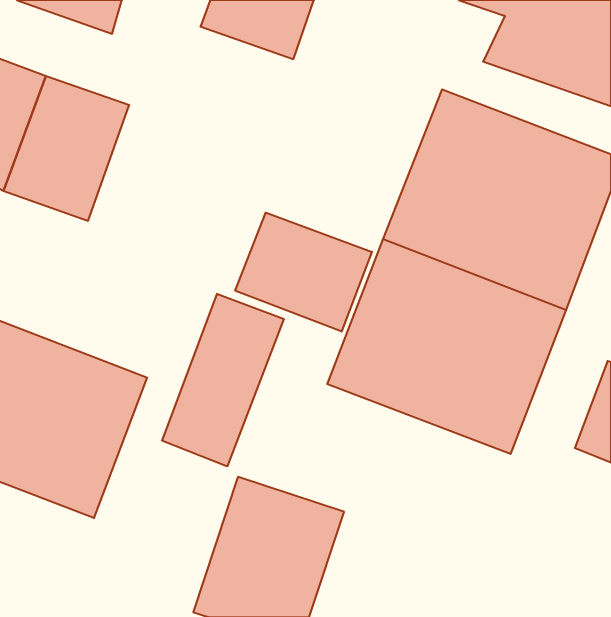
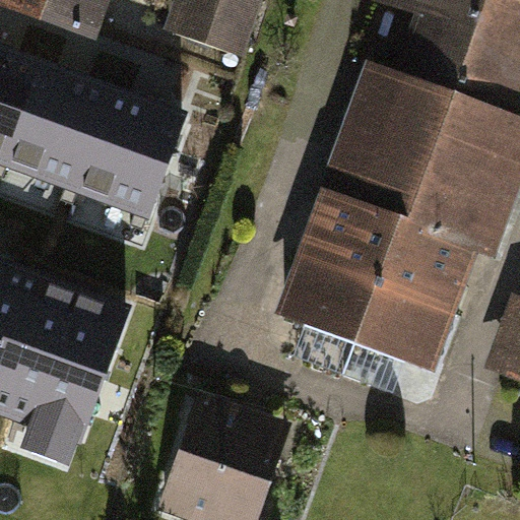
building: none -> [74,88,182,212]
building: [235,213,372,332] -> none
building: [162,294,284,466] -> none

